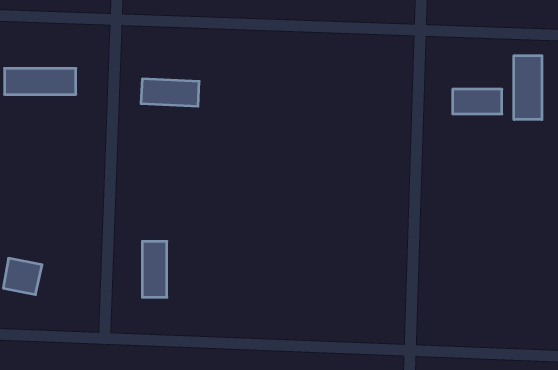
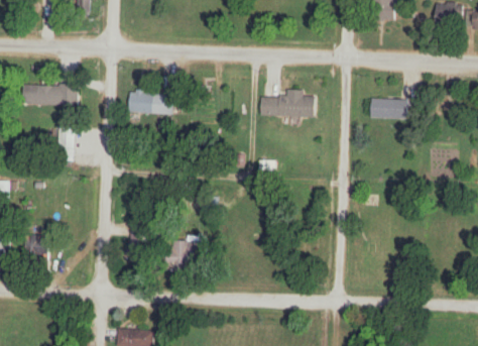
building: [514,56,542,120] -> none
building: none -> [259,95,309,116]
building: none -> [172,240,204,266]

